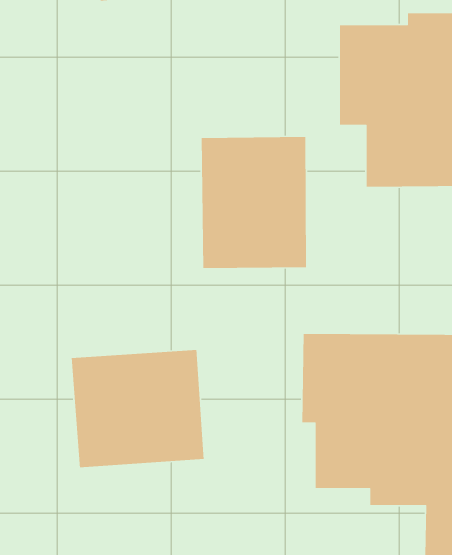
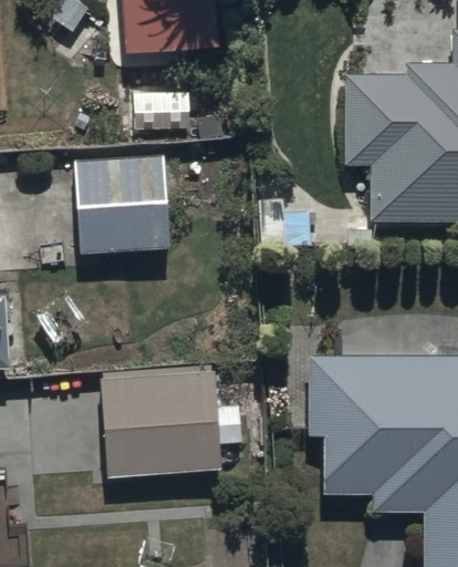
building: none -> [73,166,169,269]
building: [201,136,307,269] -> none

